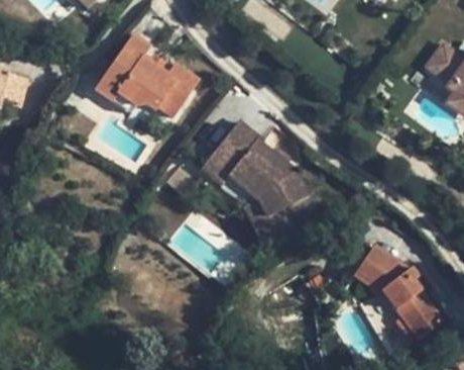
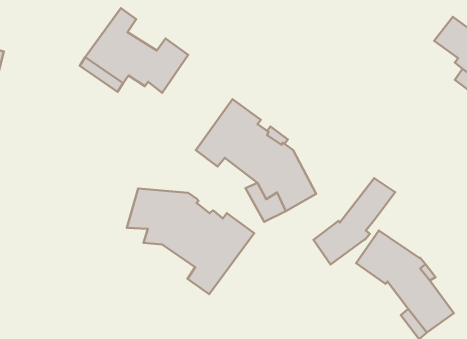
building: none -> [314,178,395,264]
building: none -> [127,189,254,294]

